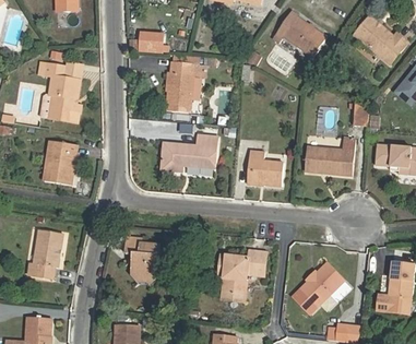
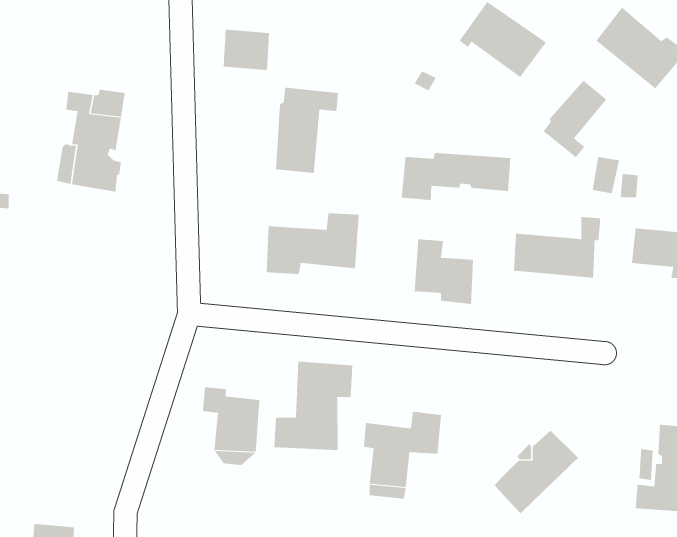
building: none -> [543,80,607,158]
building: none -> [401,152,511,201]
building: [40,140,75,185] -> none
building: none -> [274,361,353,451]
building: [27,230,62,278] -> none

